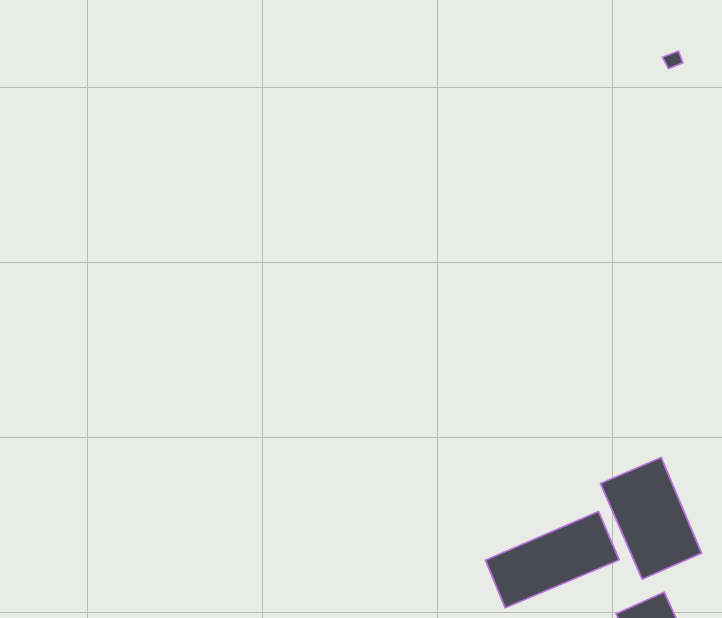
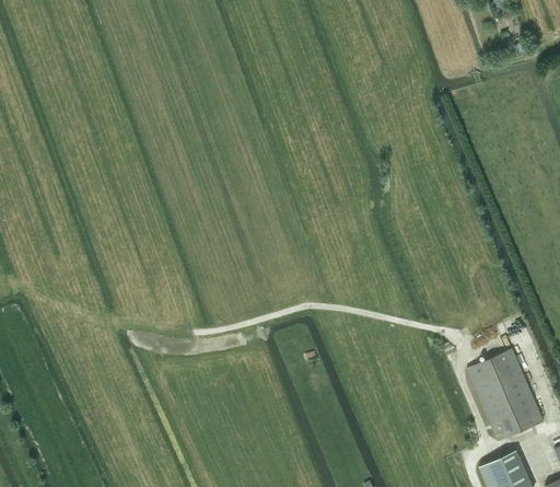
building: [486,511,619,608] -> none

